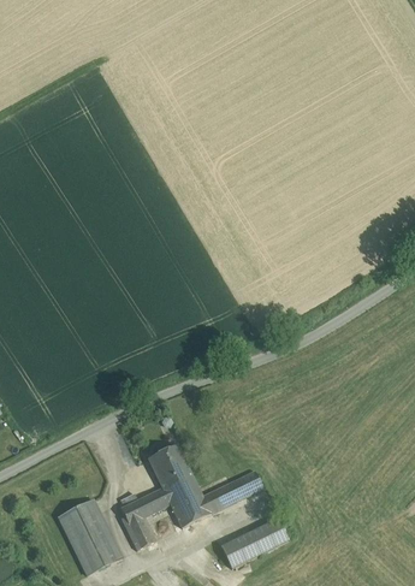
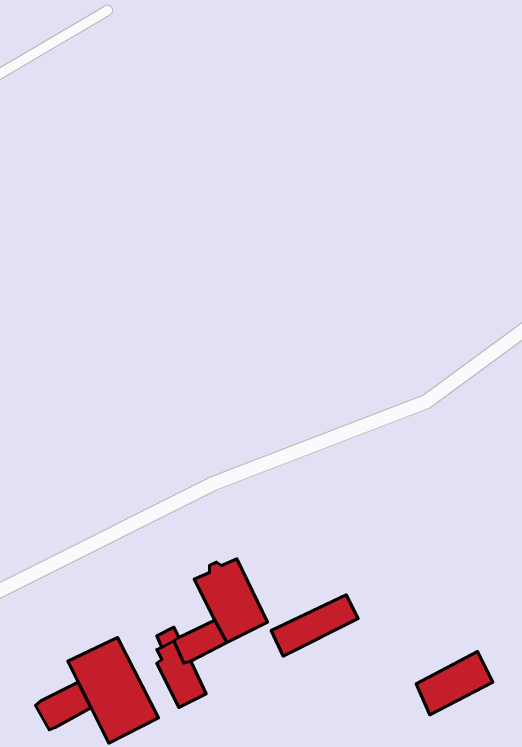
building: [170,489,209,527] -> none
building: [233,516,287,561] -> [416,652,493,715]
building: none -> [36,682,91,730]

